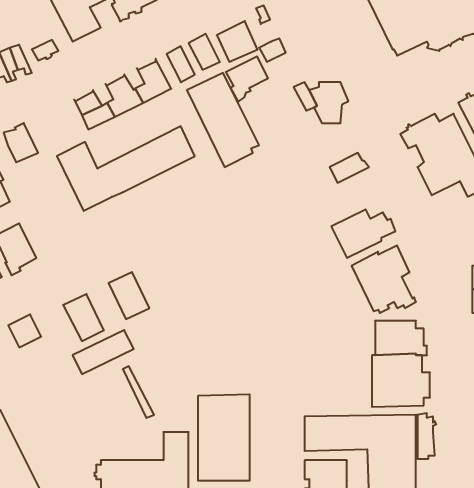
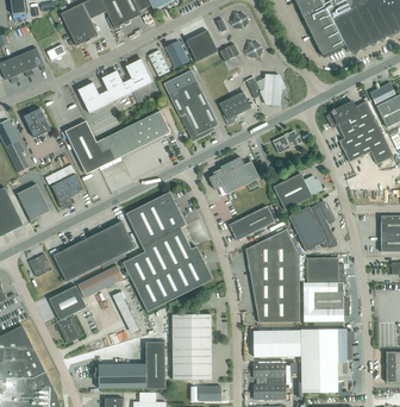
building: [226,56,268,102] -> [219,90,251,125]
building: none -> [210,156,260,193]
building: none -> [45,164,85,207]
building: none -> [124,190,213,311]
building: none -> [229,205,275,240]
building: none -> [88,228,118,264]
building: none -> [245,228,300,321]
building: none -> [54,245,85,281]
building: none -> [49,284,87,342]

